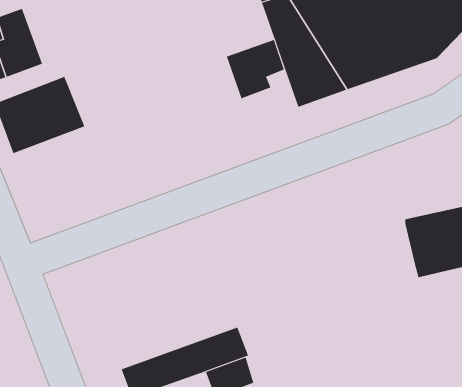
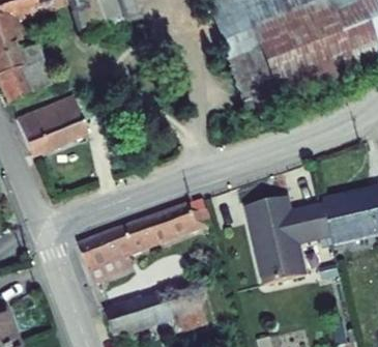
building: [226,39,285,99] -> none
building: none -> [249,193,333,281]
building: none -> [84,204,213,276]

